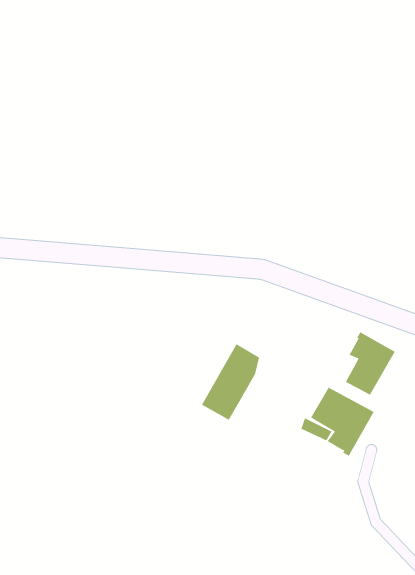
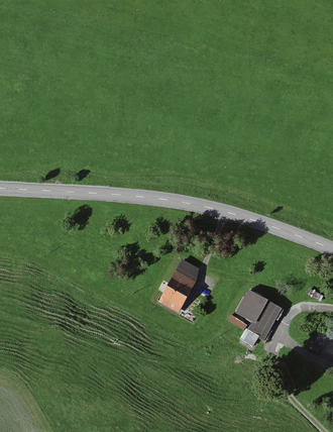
building: [345,331,396,396] -> none

